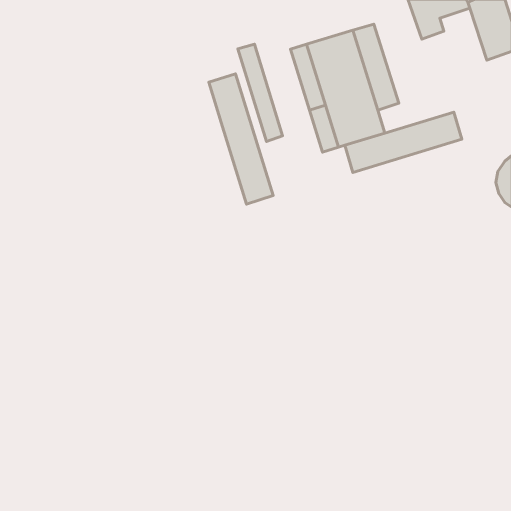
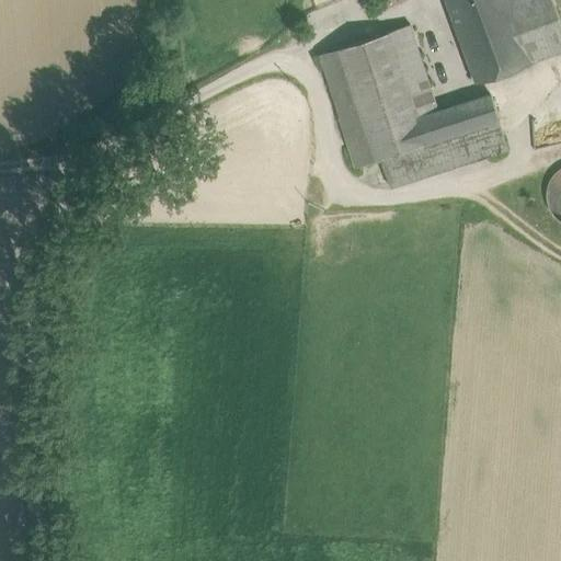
building: none -> [462,9,534,84]
building: [238,44,283,142] -> none
building: [209,74,273,204] -> none
building: none -> [414,98,497,146]

